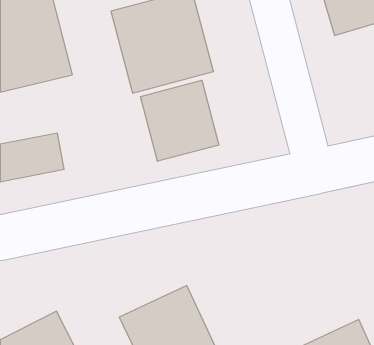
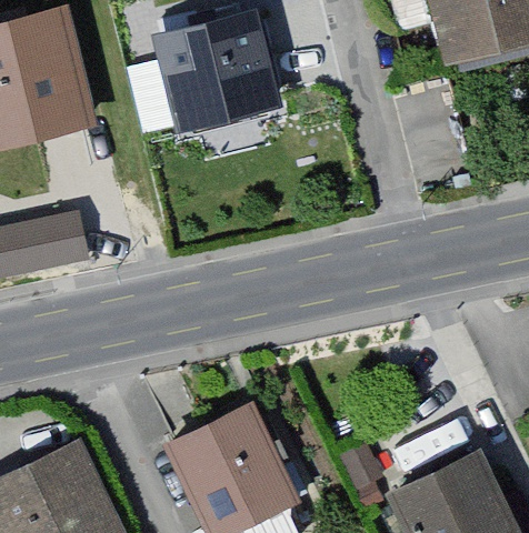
building: [140,80,219,161] -> none

